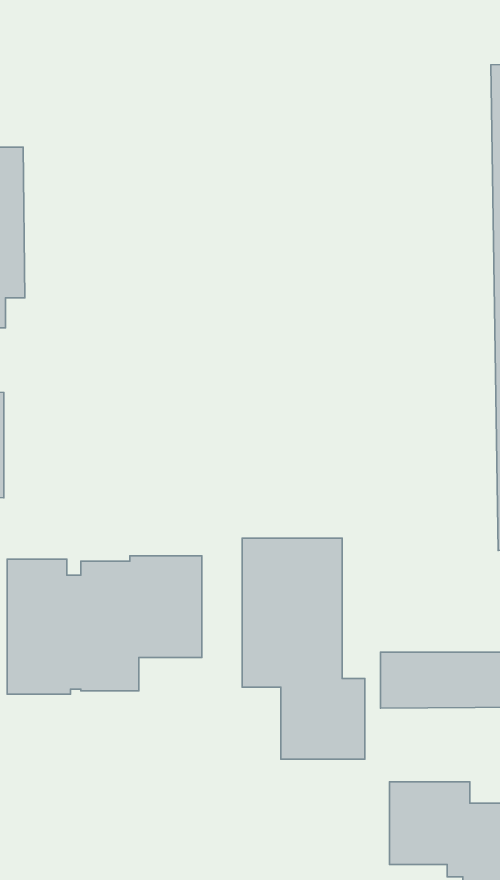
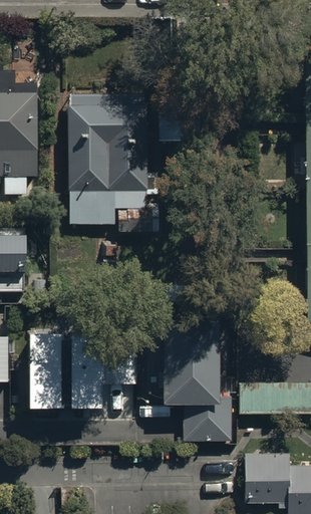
building: none -> [67,93,159,233]

